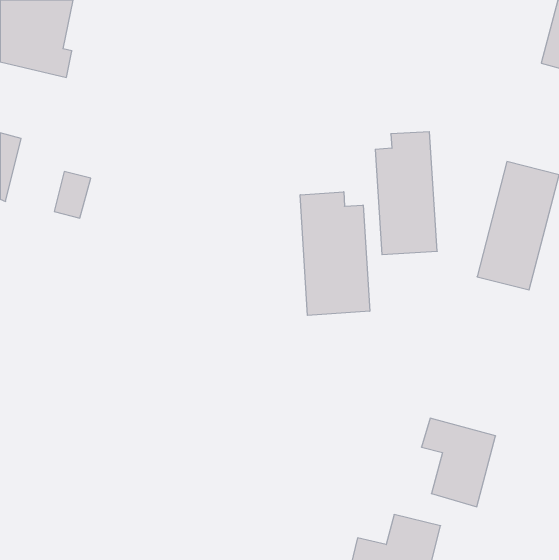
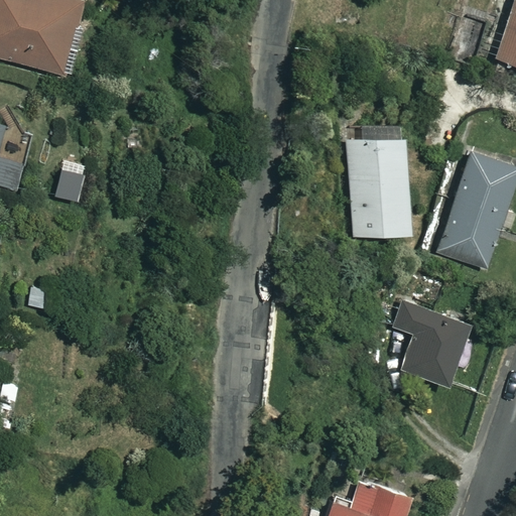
building: [300,192,370,315] -> none
building: [421,418,496,507] -> [396,304,464,385]

